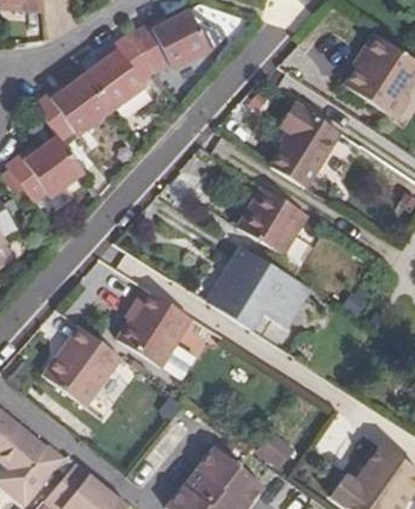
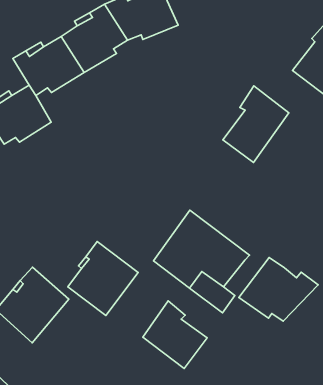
building: [240,187,308,254] -> none
building: none -> [239,257,318,321]
building: none -> [143,301,207,368]

